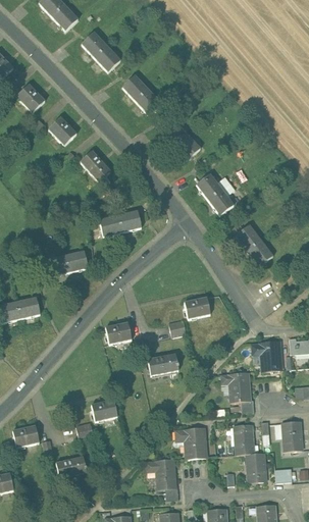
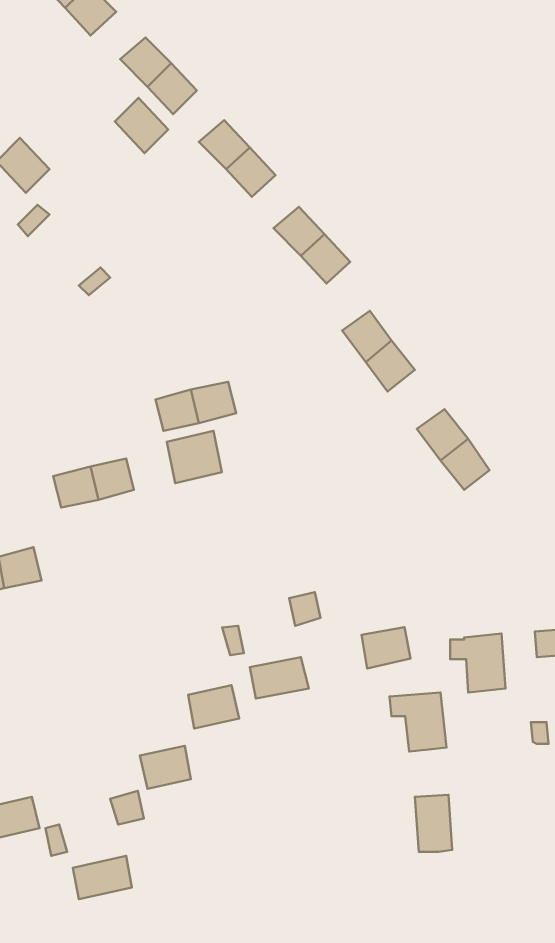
building: [48,116,75,145] -> [115,98,168,153]
building: [80,150,110,181] -> none
building: none -> [167,431,222,483]
building: [184,297,209,318] -> [361,627,411,668]
building: [105,321,132,344] -> [188,685,239,728]
building: [281,421,302,451] -> none
building: [175,428,205,458] -> none
building: [246,452,265,481] -> none
building: [145,459,175,488] -> none

